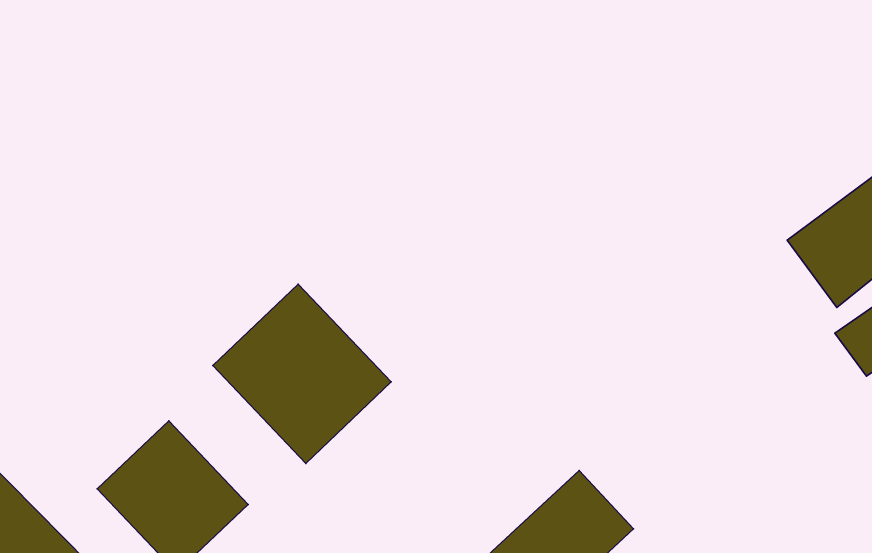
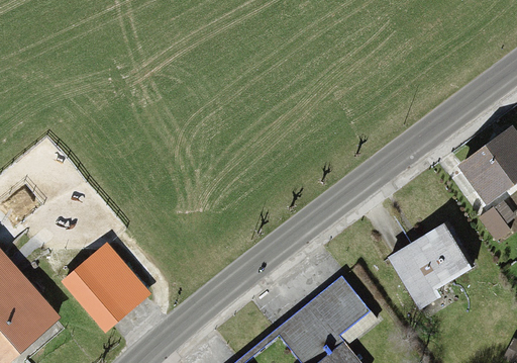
building: [213,284,391,463] -> none
building: none -> [391,224,470,296]

